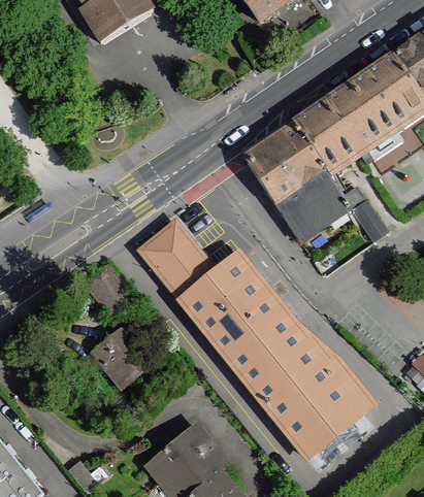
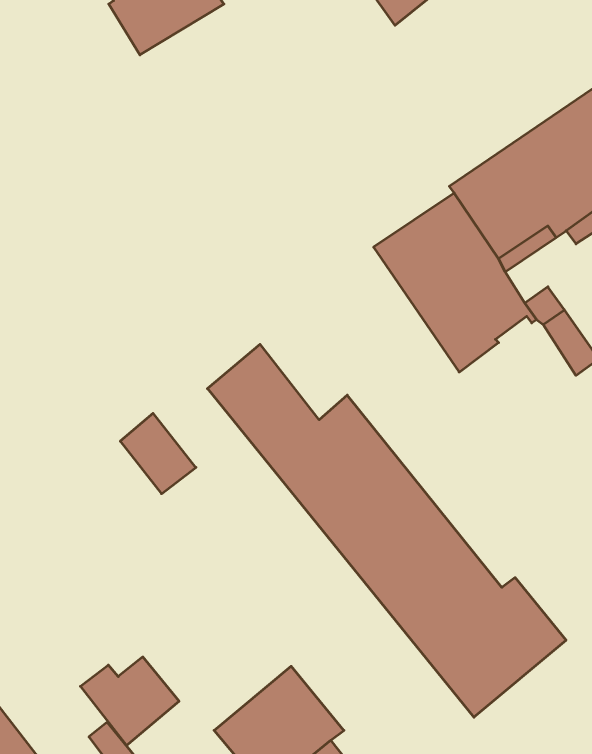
building: [92,333,154,389] -> [80,657,179,746]

